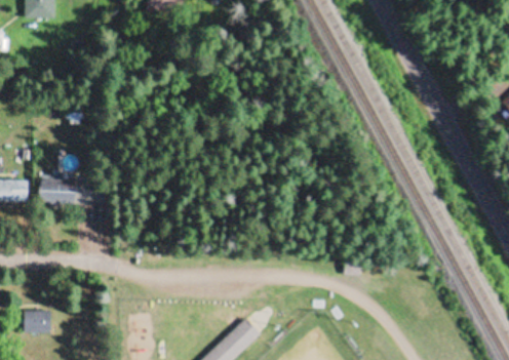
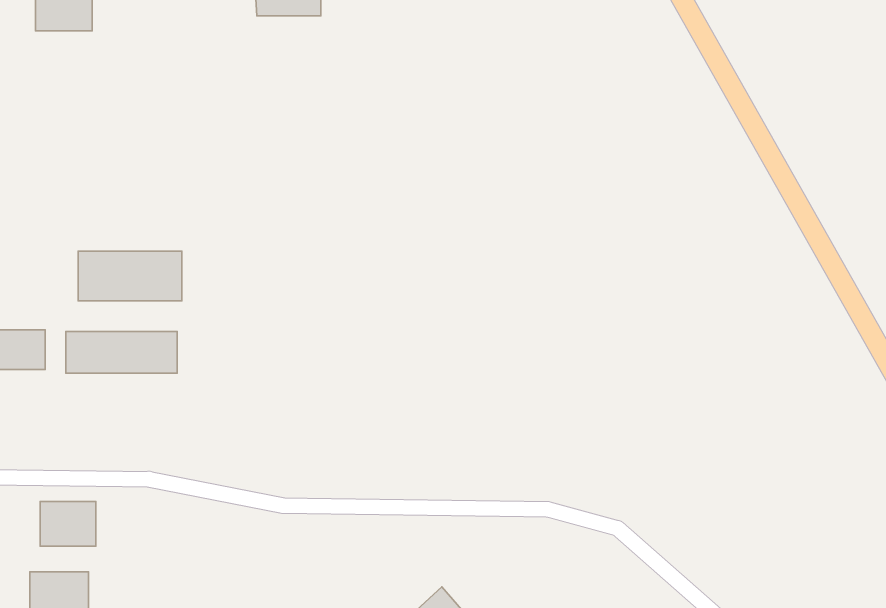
building: none -> [78,251,182,301]
building: none -> [40,501,96,546]

